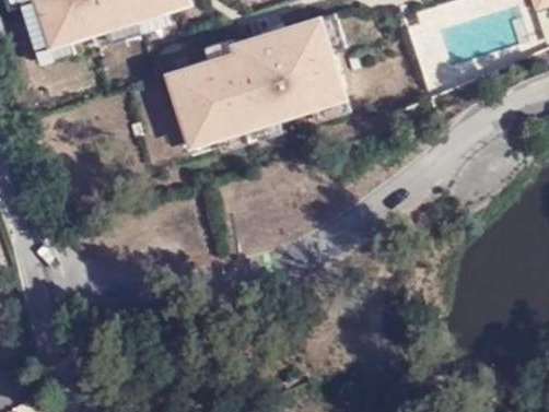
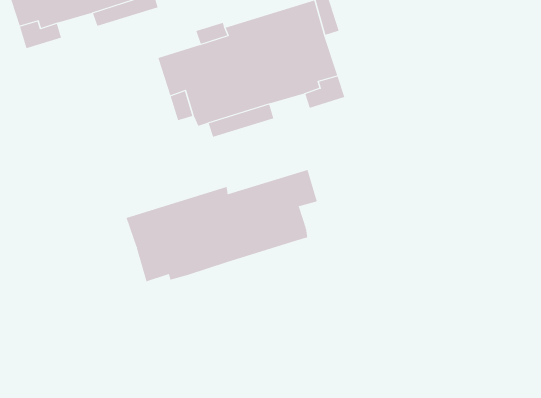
building: none -> [126,169,318,282]

